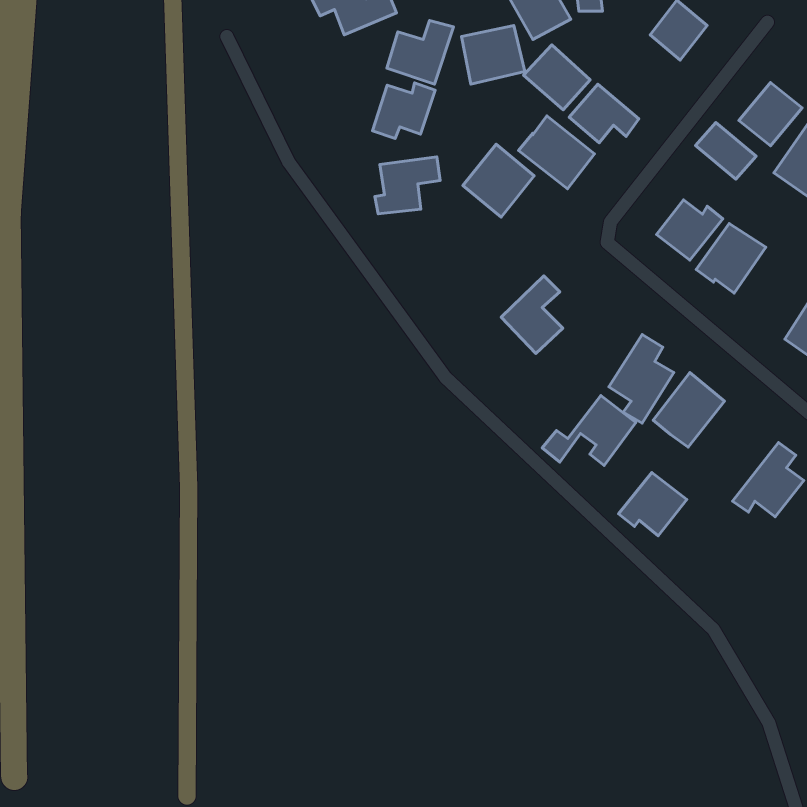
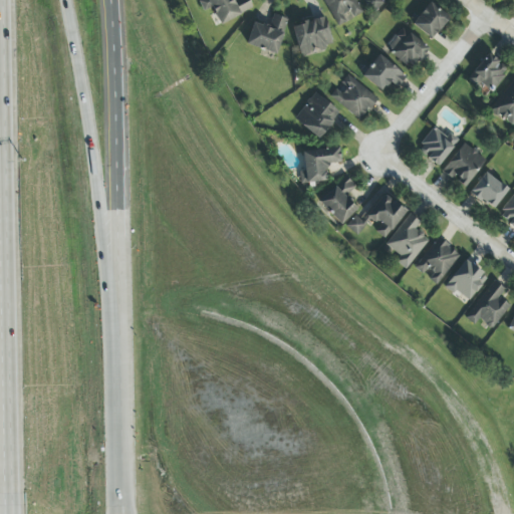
building: [523,45,590,110] -> [387,26,429,67]
building: [372,83,435,139] -> none
building: [696,122,756,179] -> none
building: [375,157,440,214] -> [300,146,341,182]
building: none -> [470,171,509,209]
building: [542,396,636,465] -> [347,193,407,237]
building: [619,473,687,536] -> [445,259,488,299]

